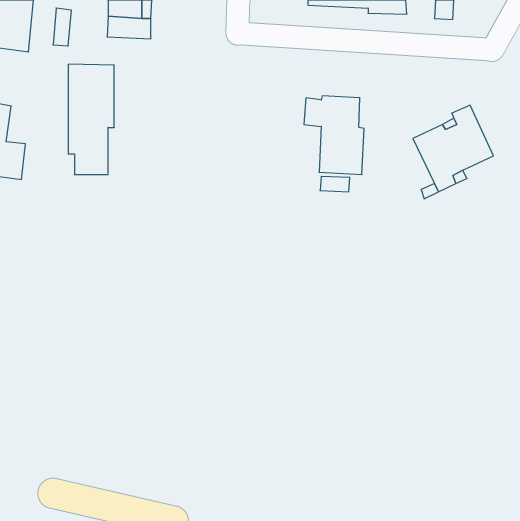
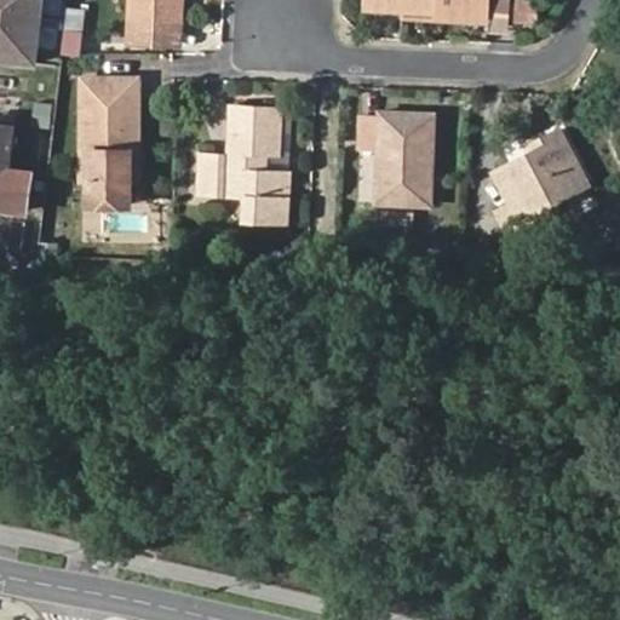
building: none -> [208,107,292,224]

